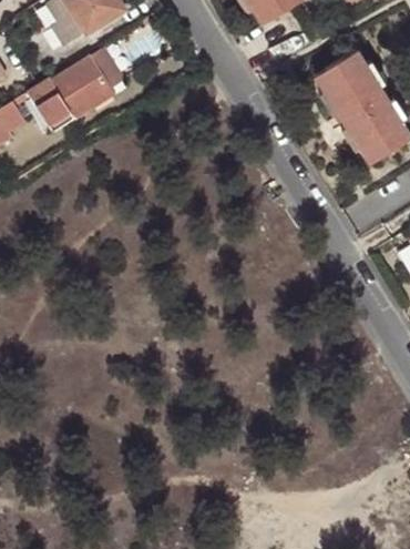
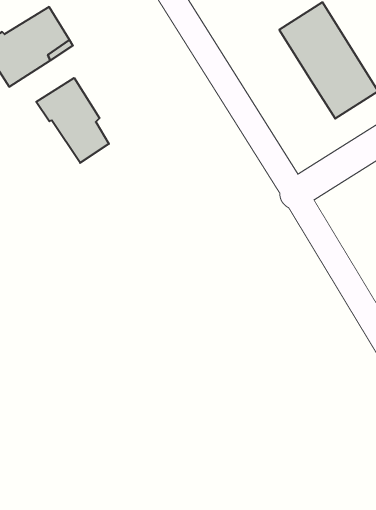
building: none -> [36,78,109,163]

